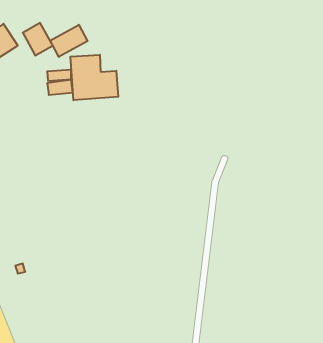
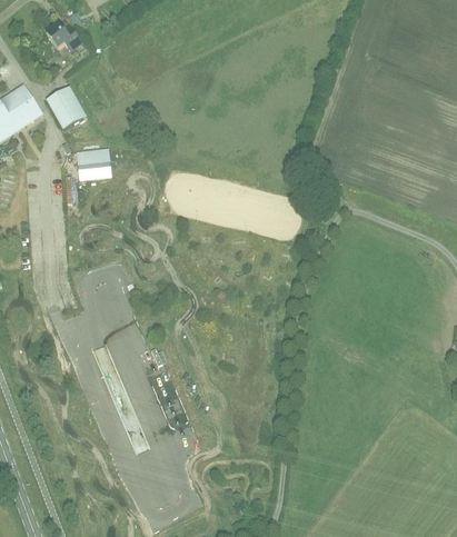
building: [50,25,88,57] -> none
building: [70,55,118,100] -> none

